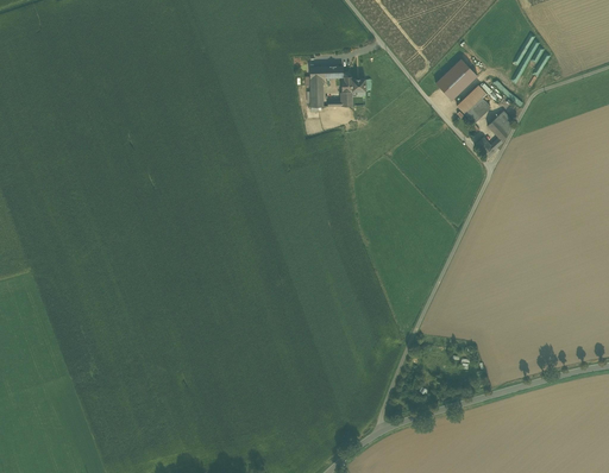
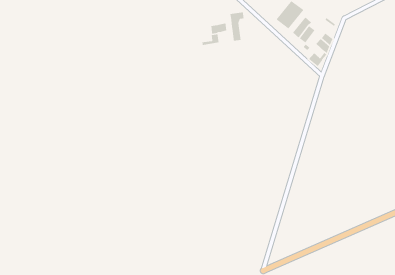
building: [310,67,331,107] -> [230,12,245,42]

